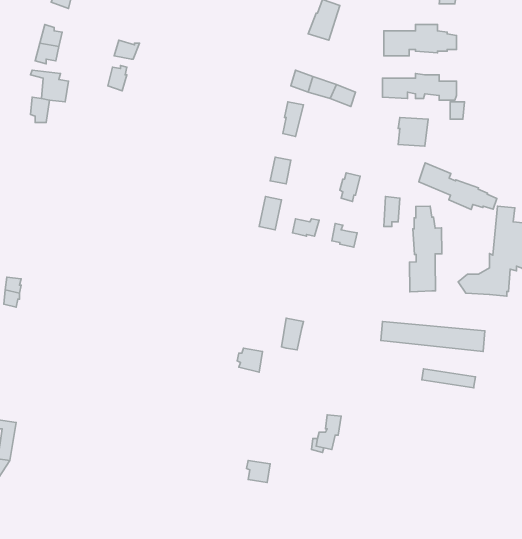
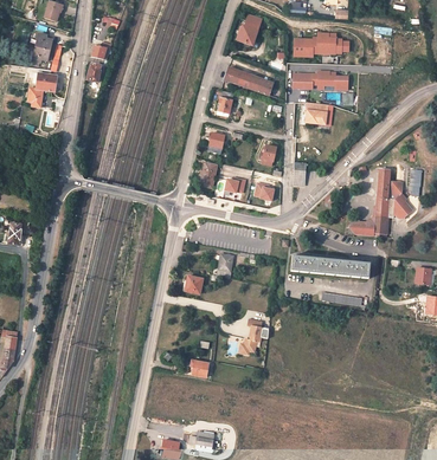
building: [419,163,497,209] -> none
building: [410,206,442,292] -> none

